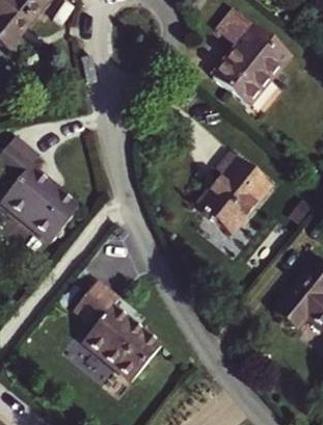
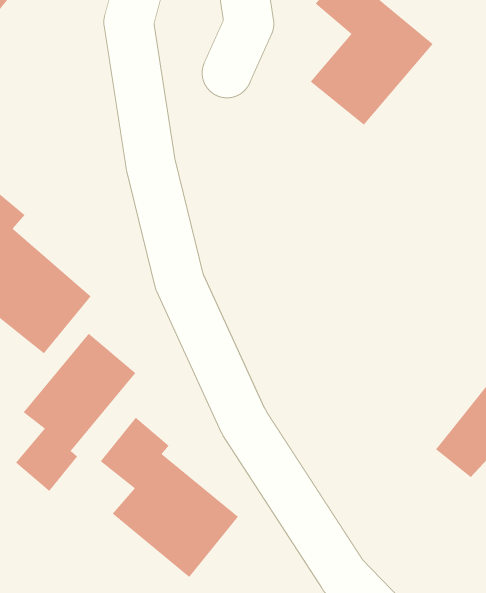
building: [195,155,271,234] -> none
building: none -> [15,333,136,492]

